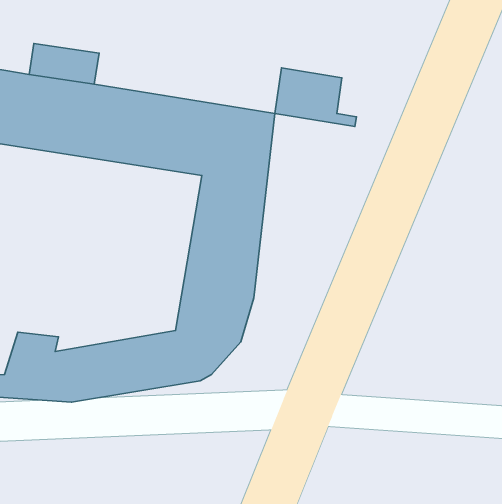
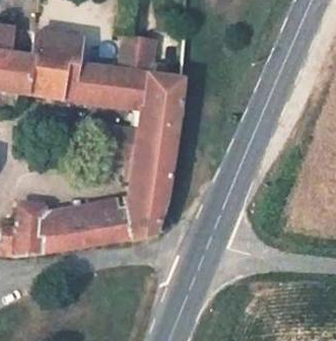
building: [275,68,356,127] -> [117,33,167,70]

